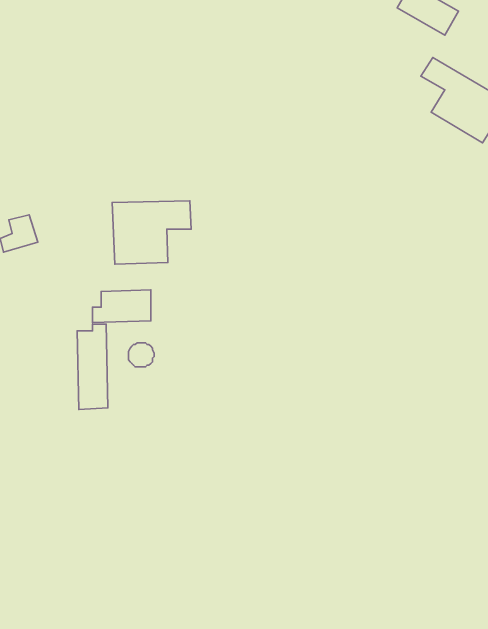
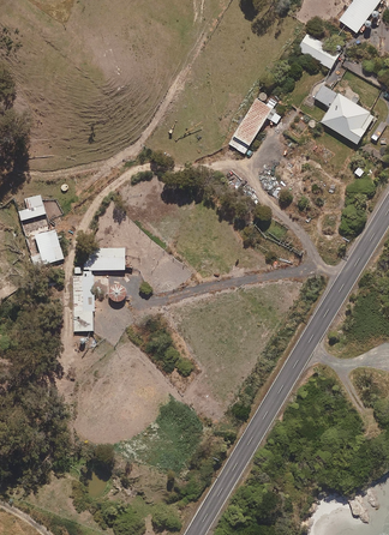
building: none -> [228,97,276,154]
building: [112,201,191,264] -> none
building: none -> [34,229,62,264]

